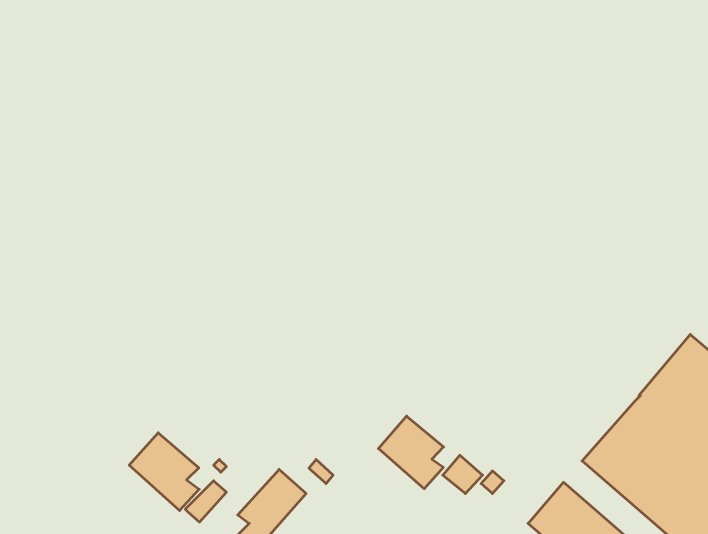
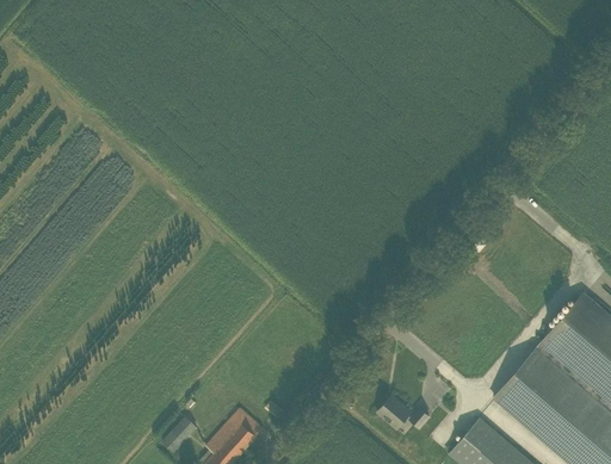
building: [378,416,444,489] -> none
building: [129,433,199,511] -> none

